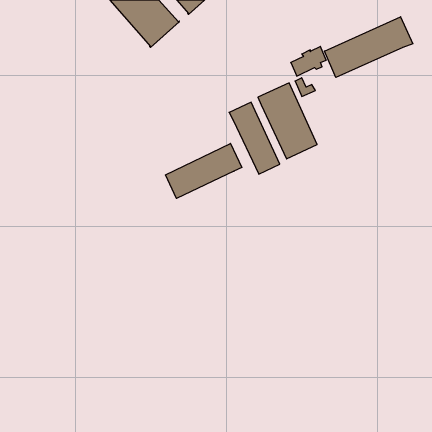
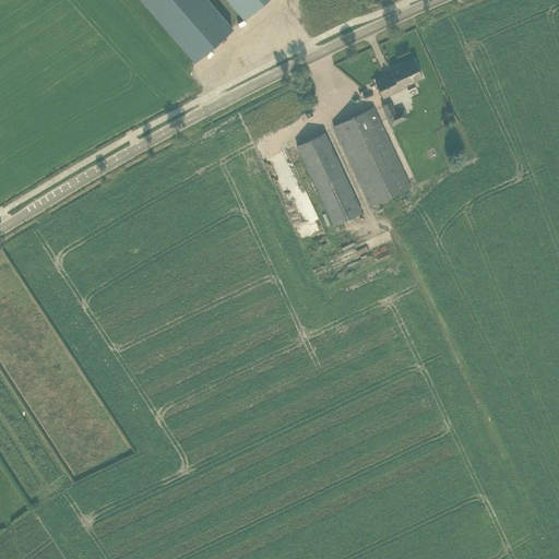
building: [324,17,413,77] -> none
building: [166,143,242,198] -> none

